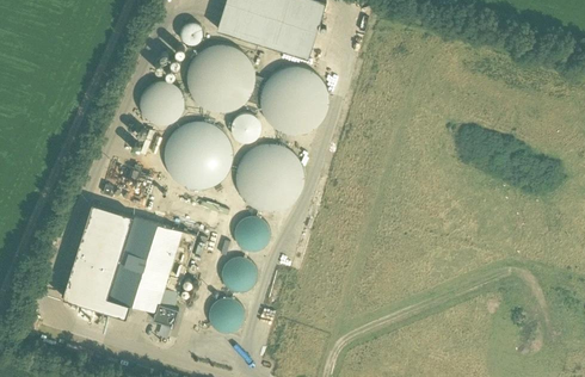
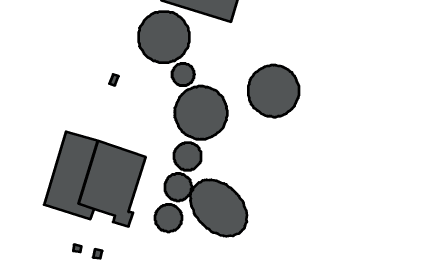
building: [260,68,327,136] -> [248,65,299,117]
building: [138,82,183,126] -> none
building: [164,123,232,191] -> none
building: none -> [190,180,247,236]

